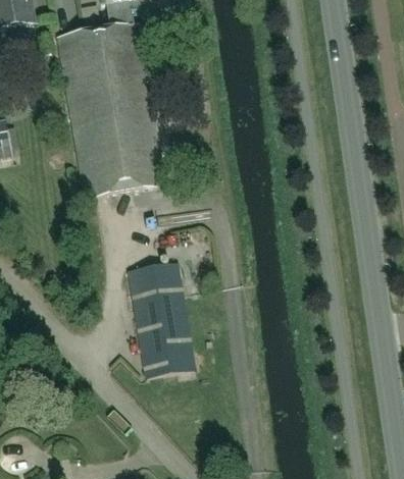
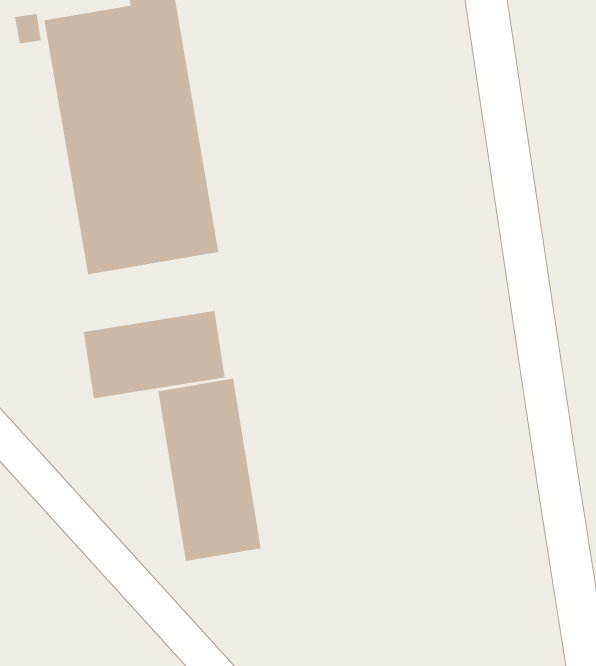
building: none -> [83,310,225,399]

